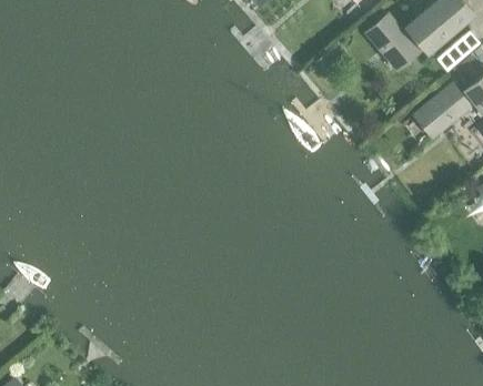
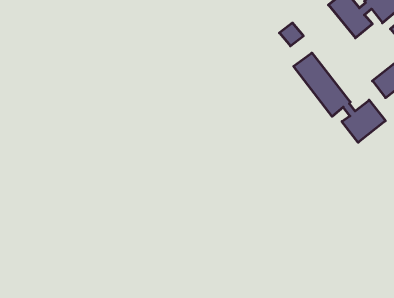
building: none -> [294,53,385,142]

